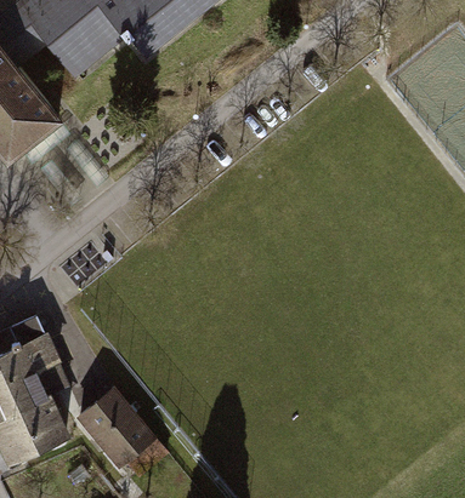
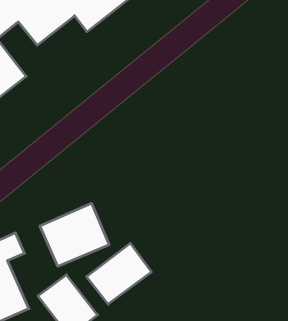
building: none -> [40,203,109,266]
building: none -> [87,243,151,304]

